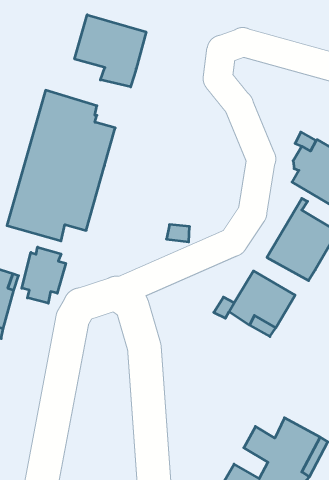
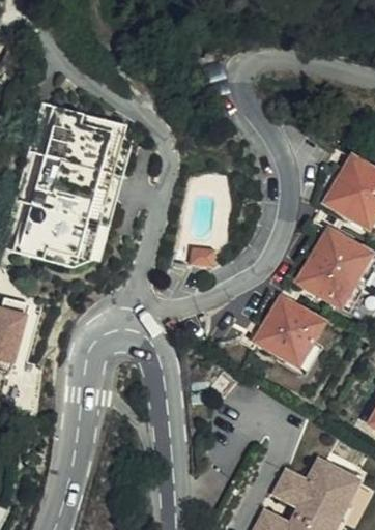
building: [75,15,146,87] -> none
building: [22,247,66,303] -> none

